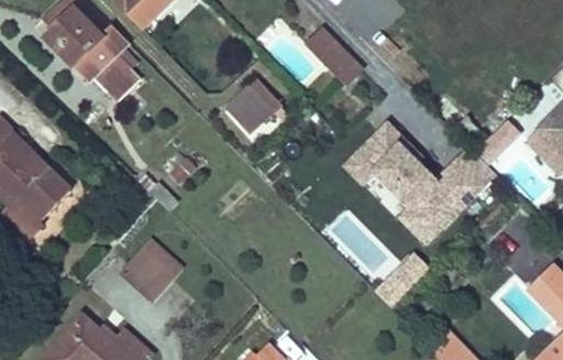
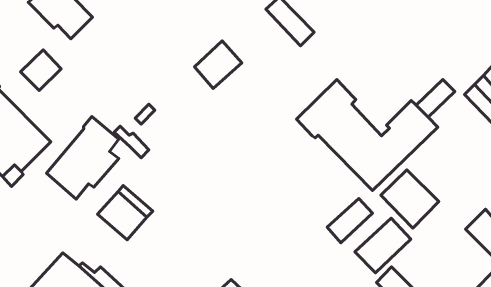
building: [95,55,140,100] -> [21,50,61,91]
building: none -> [46,117,119,199]
building: none -> [381,170,439,228]
building: none -> [355,218,411,273]

